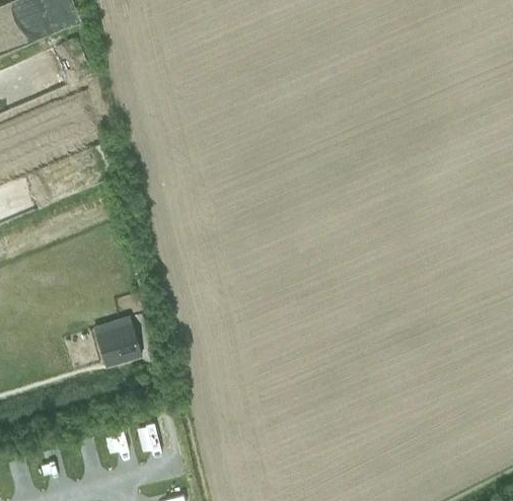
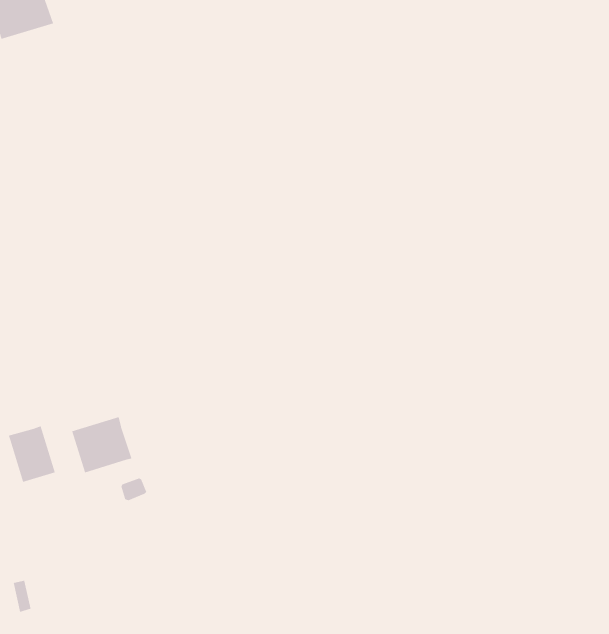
building: none -> [8,425,56,483]

